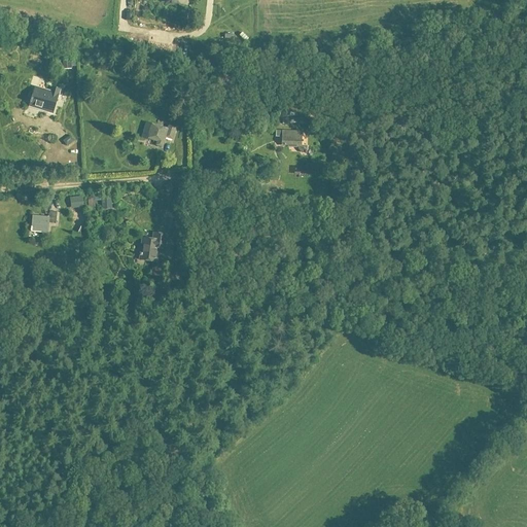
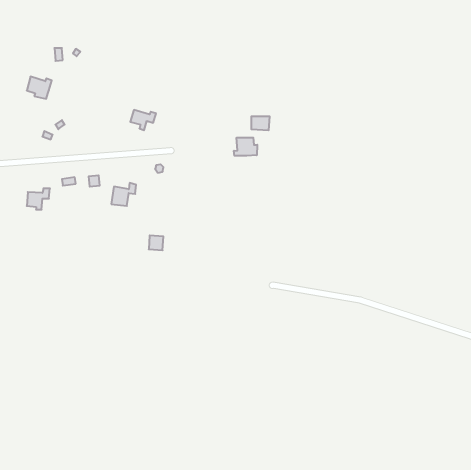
building: none -> [234,138,257,156]
building: [138,233,166,258] -> [111,183,136,206]

